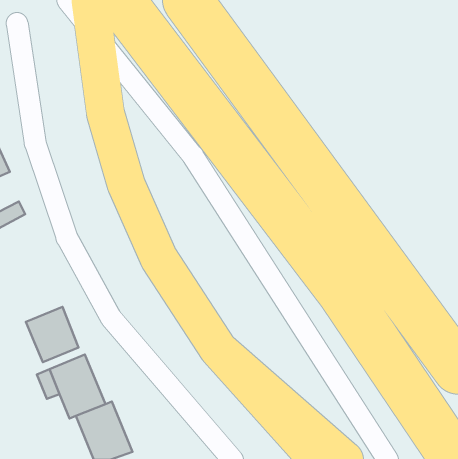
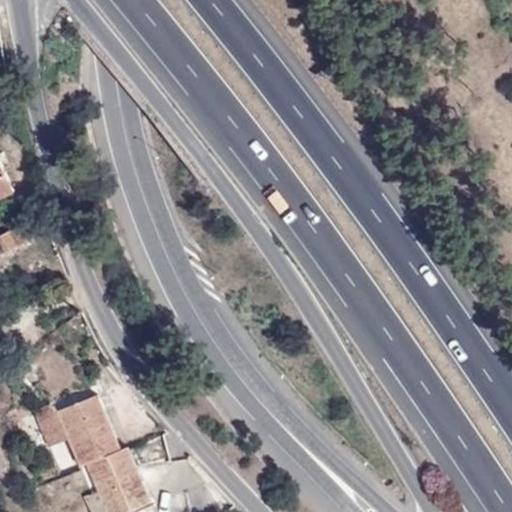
building: [26,307,79,362] -> none

